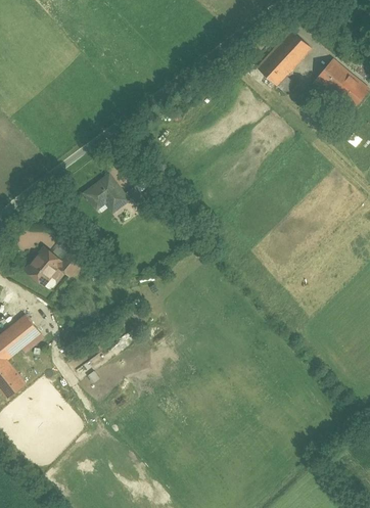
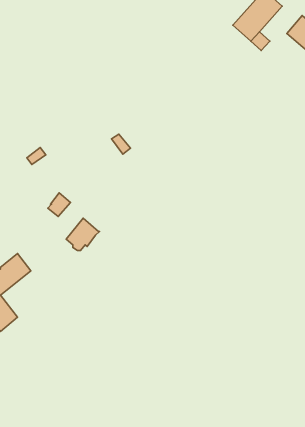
building: [84,175,127,211] -> none
building: [26,247,61,282] -> [66,218,99,250]

